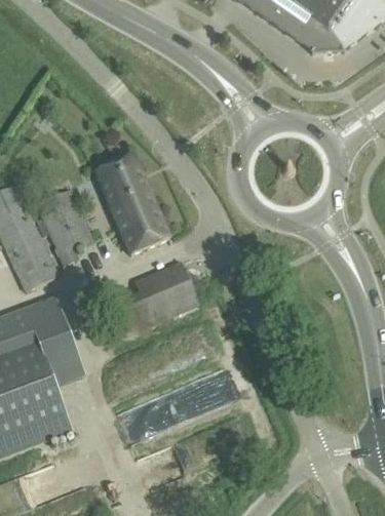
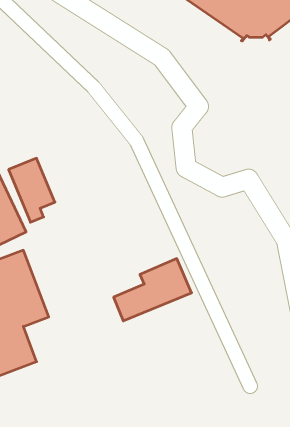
building: [95,155,169,254] -> none
building: [107,264,198,336] -> [114,259,192,321]

